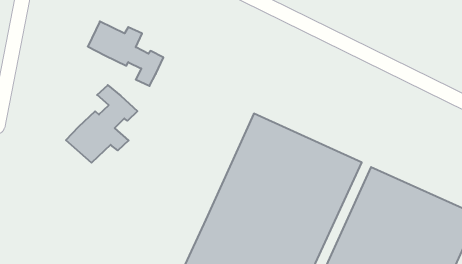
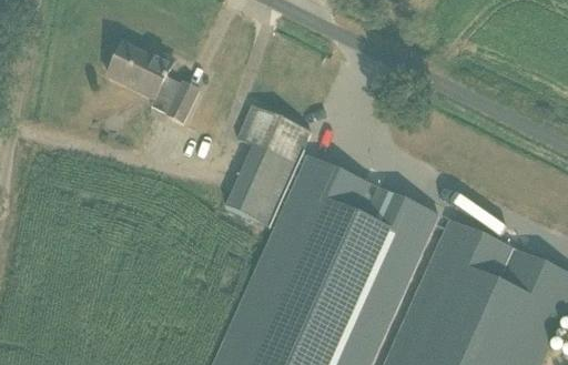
building: none -> [226,104,311,225]
building: [66,85,137,163] -> none

